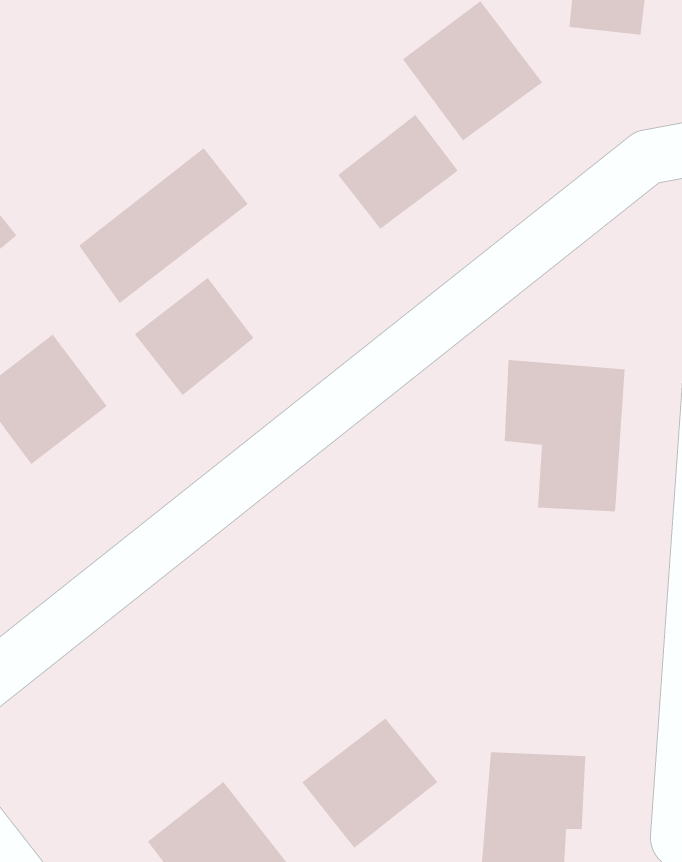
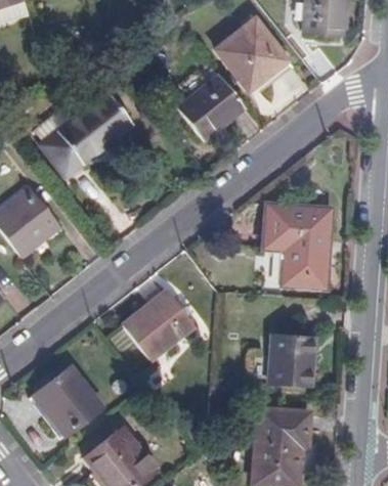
building: [134,277,255,396] -> none
building: none -> [271,330,314,386]
building: none -> [34,369,96,433]
building: [301,717,438,849] -> [122,292,193,360]

